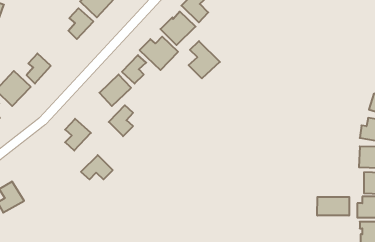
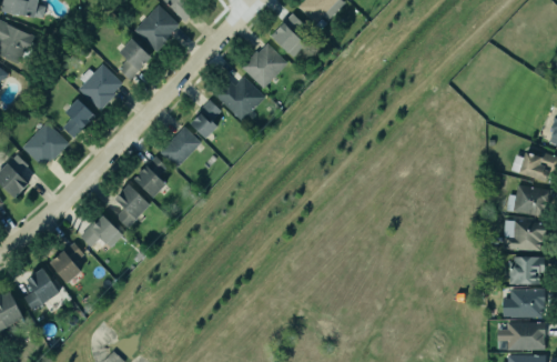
building: none -> [77,63,121,110]
building: [189,41,220,78] -> none
building: [109,105,133,136] -> [133,157,165,198]
building: [81,155,113,179] -> [81,215,123,248]
building: none -> [50,242,84,284]
building: [317,197,349,216] -> none

